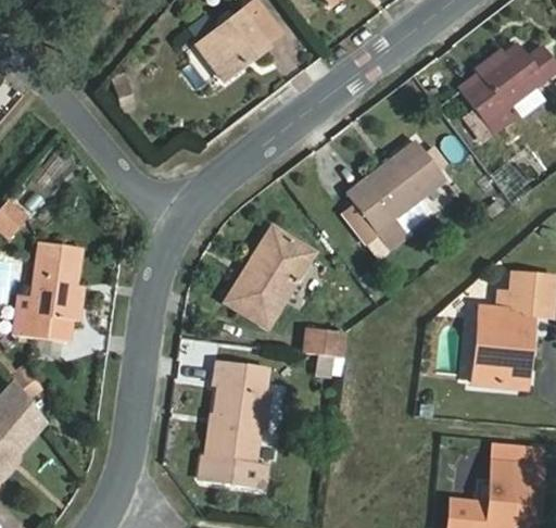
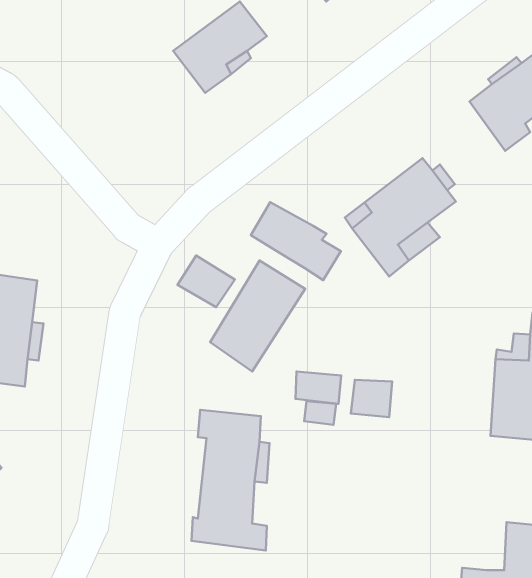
building: none -> [251,202,341,280]
building: none -> [178,255,235,307]
building: none -> [351,380,392,417]

